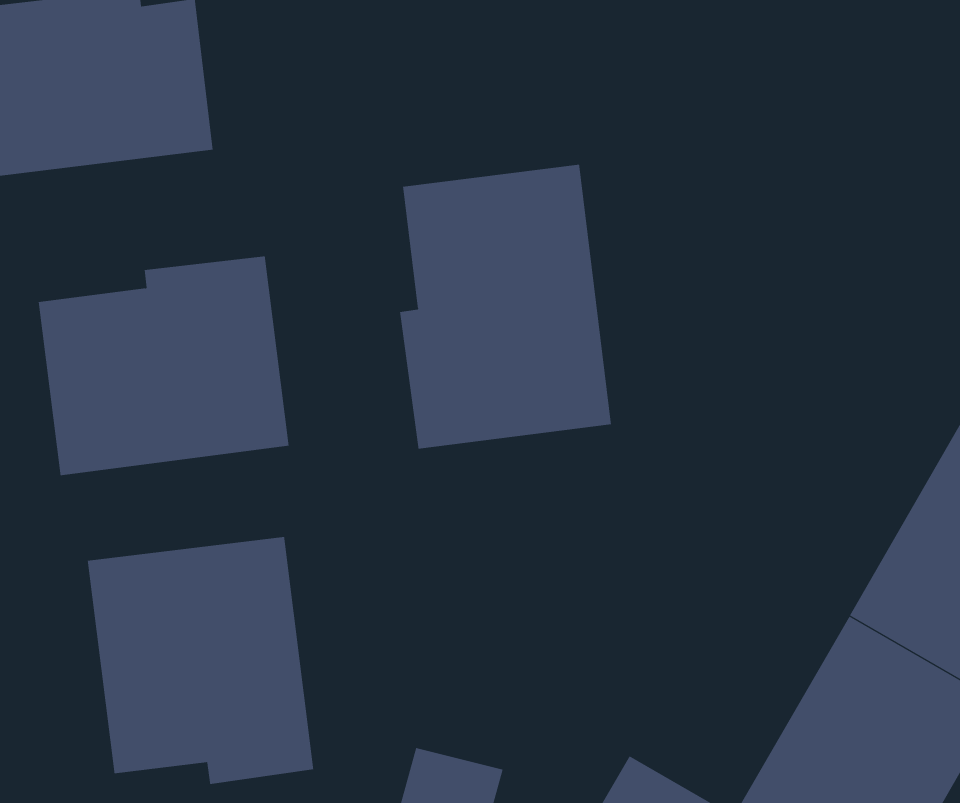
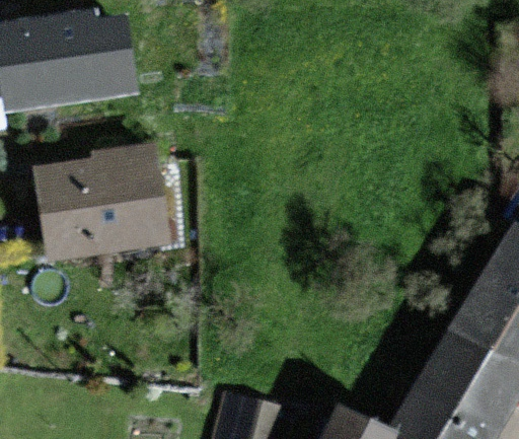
building: [399,164,612,449] -> none
building: [87,536,314,785] -> none

